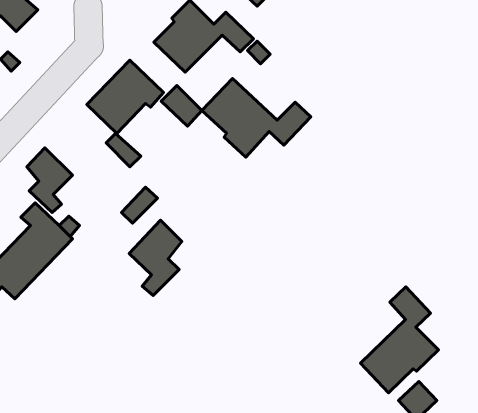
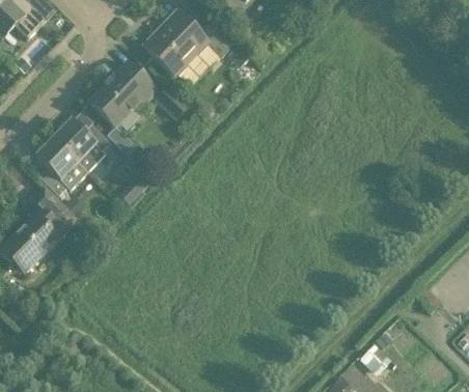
building: [202,79,311,157] -> none
building: none -> [52,121,109,172]
building: [129,220,182,296] -> none
building: [360,287,438,393] -> none

